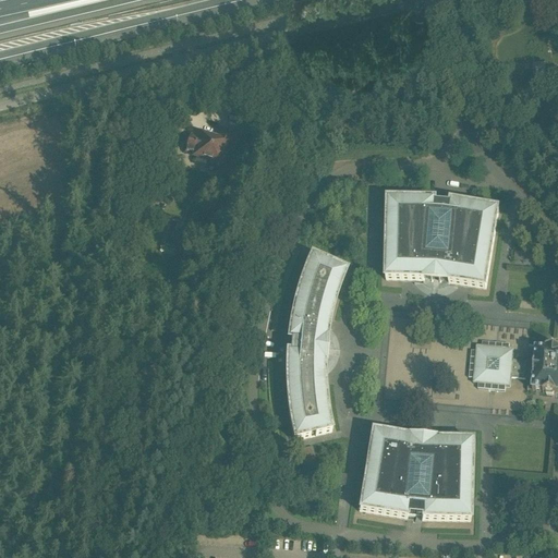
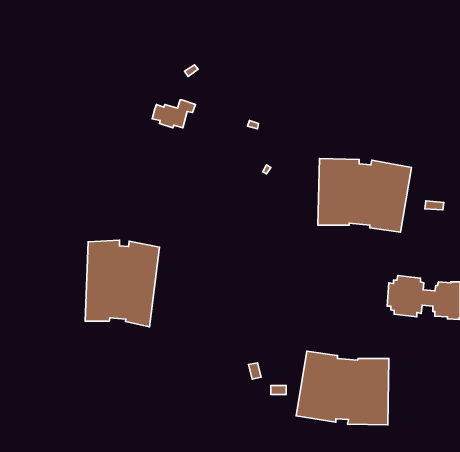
building: [286,248,345,434] -> none
building: none -> [85,240,160,327]

